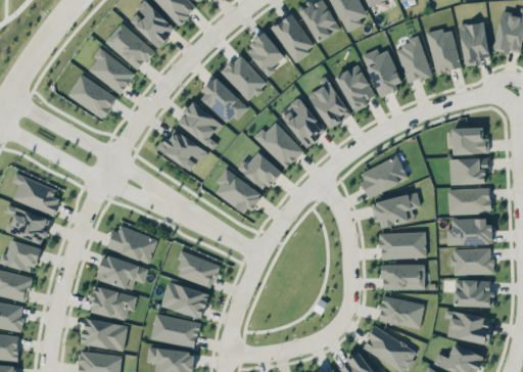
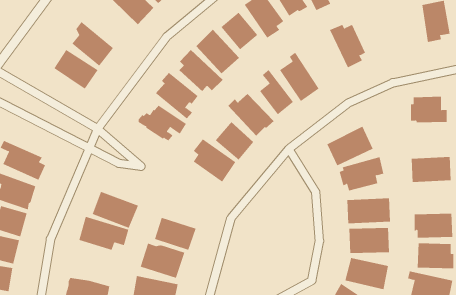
building: [106,26,153,71] -> none
building: [427,29,461,75] -> none
building: [396,36,433,84] -> none
building: [332,61,374,110] -> none
building: [449,159,489,188] -> none
building: [445,219,490,246] -> none
building: [90,286,137,321] -> none

